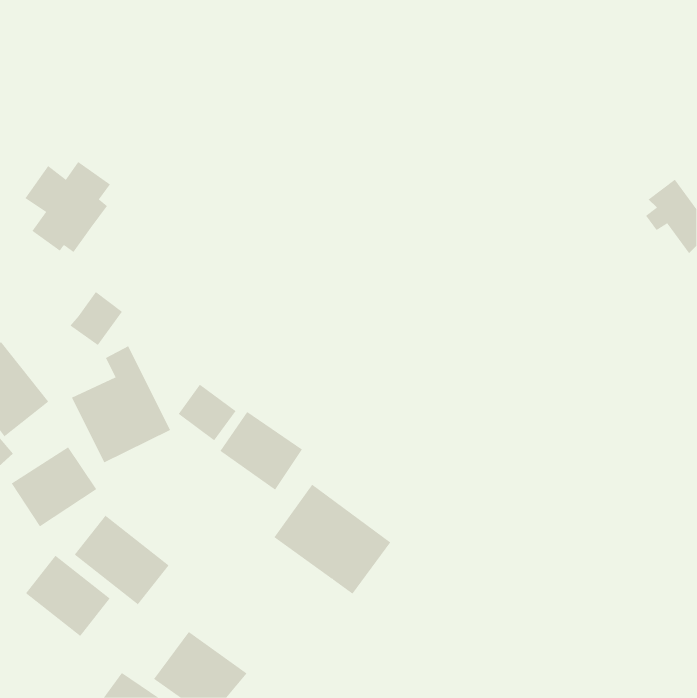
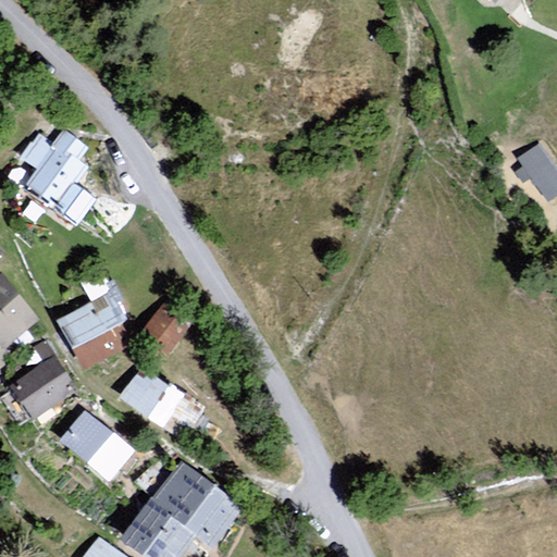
building: [70,291,123,346] -> [52,182,95,225]
building: [219,411,303,490] -> [119,366,185,429]
building: [273,484,391,594] -> [150,460,244,548]
building: [25,555,110,637] -> none

